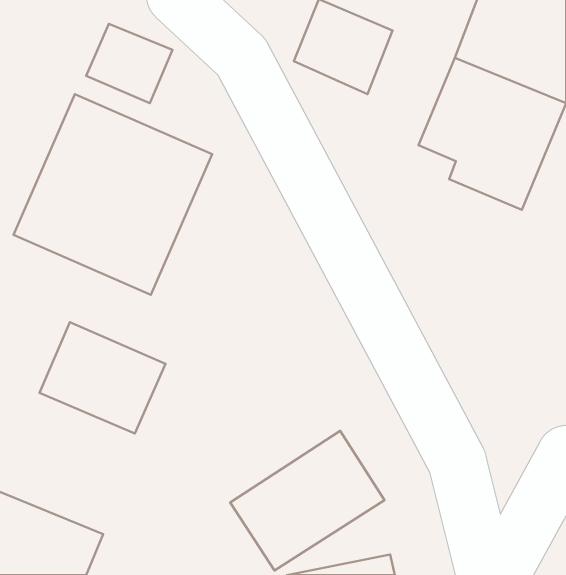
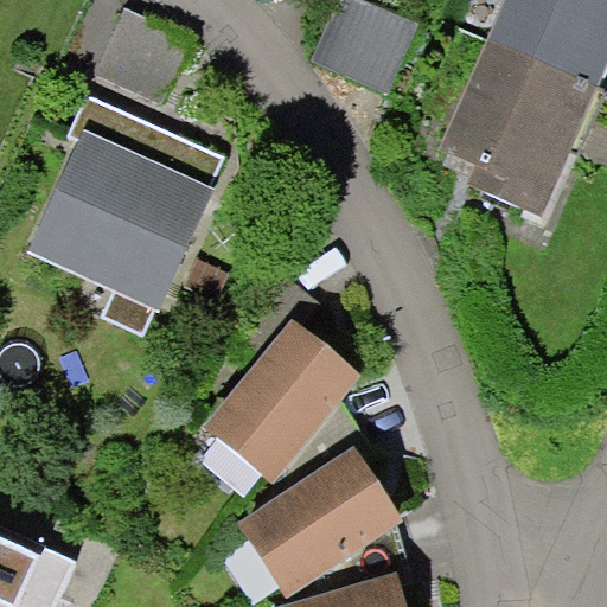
building: none -> [205,319,363,483]
building: [40,322,165,433] -> none

